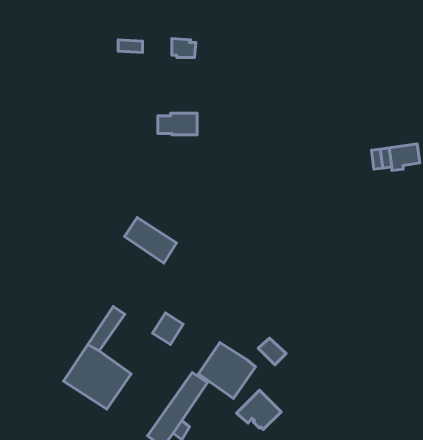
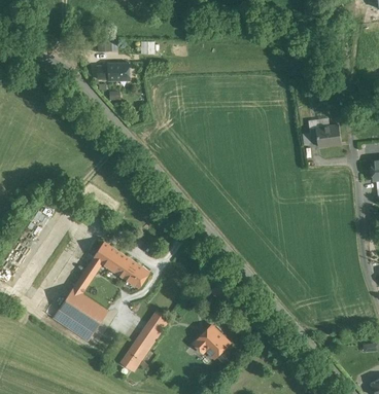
building: [158,113,197,135] -> [97,64,129,81]
building: [124,218,177,263] -> [93,242,135,279]
building: [199,343,256,398] -> none

